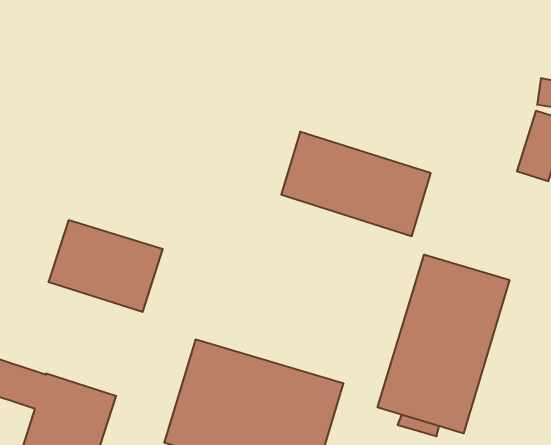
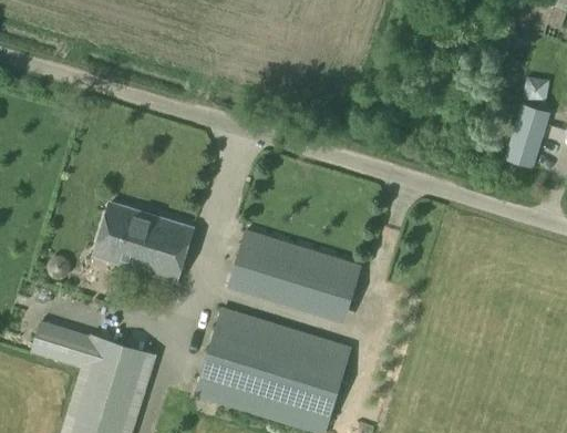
building: [281,132,431,236] -> [229,230,361,322]
building: [378,255,509,433] -> none

